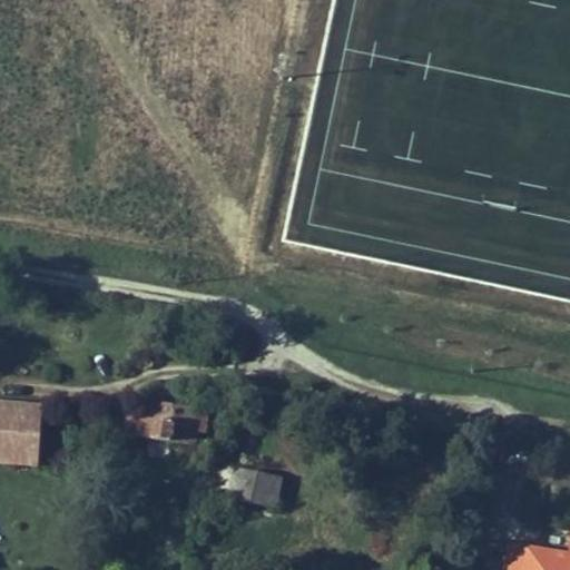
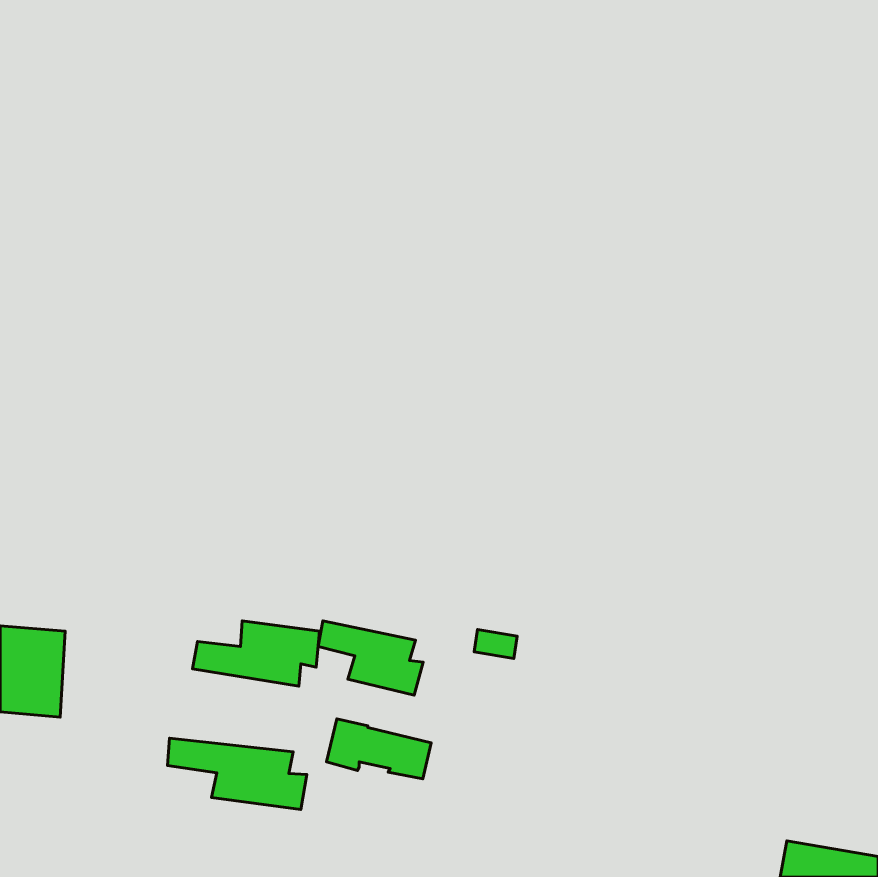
building: none -> [318,621,423,695]
building: none -> [168,738,307,810]

